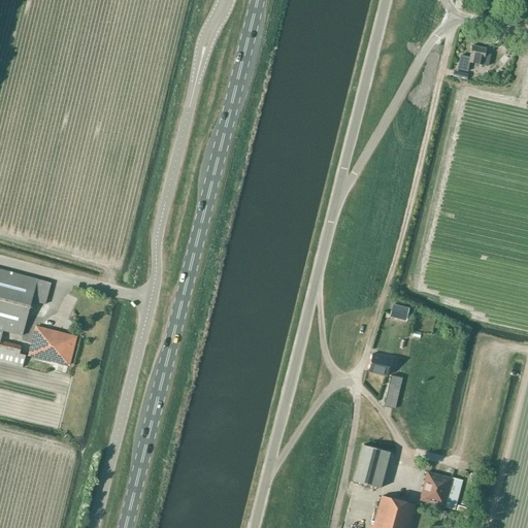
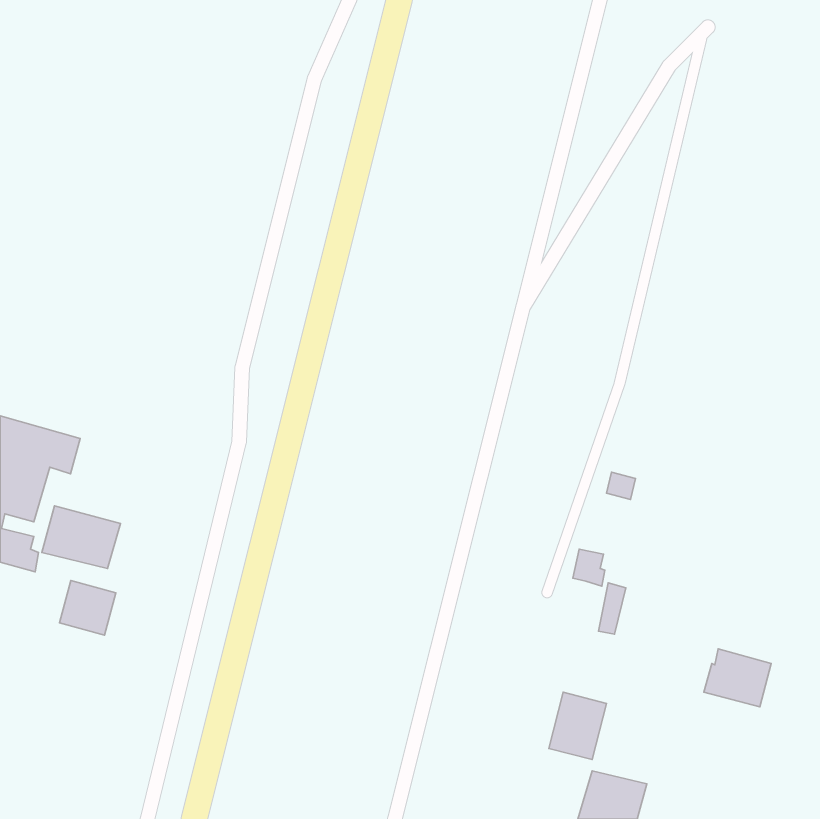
building: [457,44,491,71] -> none
building: none -> [59,581,116,635]
building: [419,471,462,508] -> [704,649,771,707]

